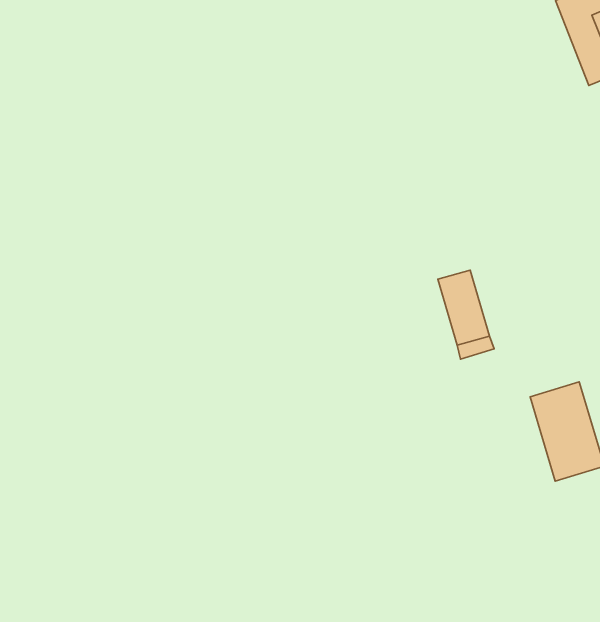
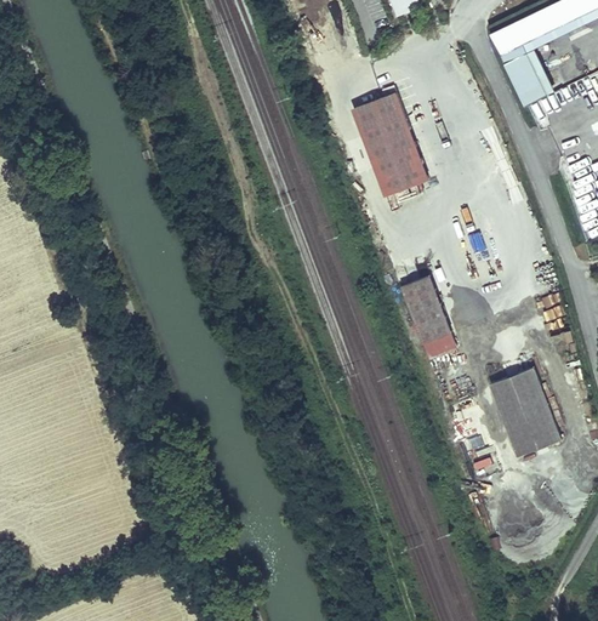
building: none -> [353,92,428,194]

